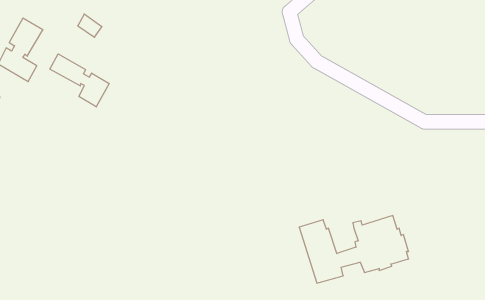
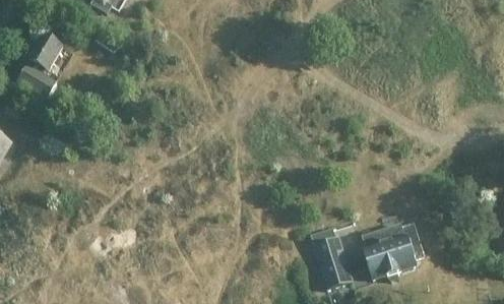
building: [50,54,109,107] -> none

